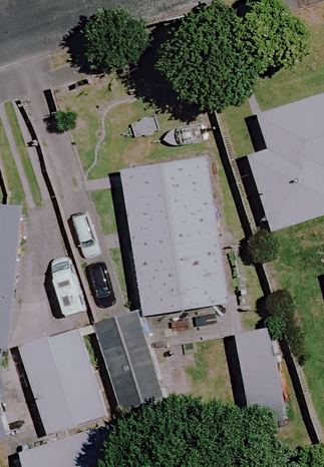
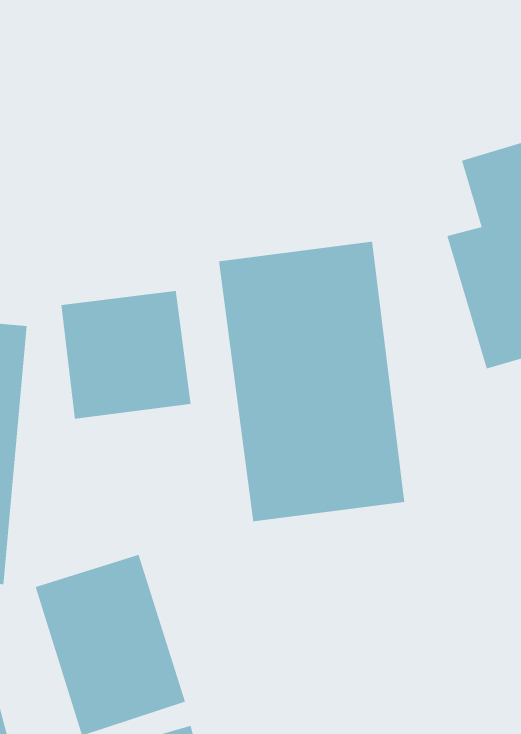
building: none -> [61,290,191,420]
building: [93,313,161,410] -> none

